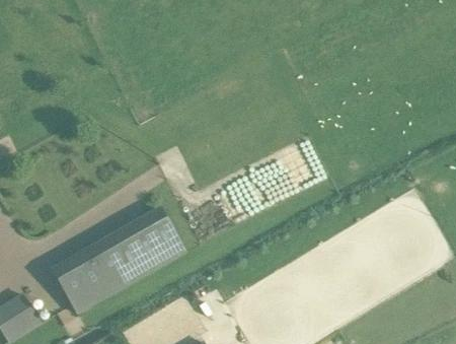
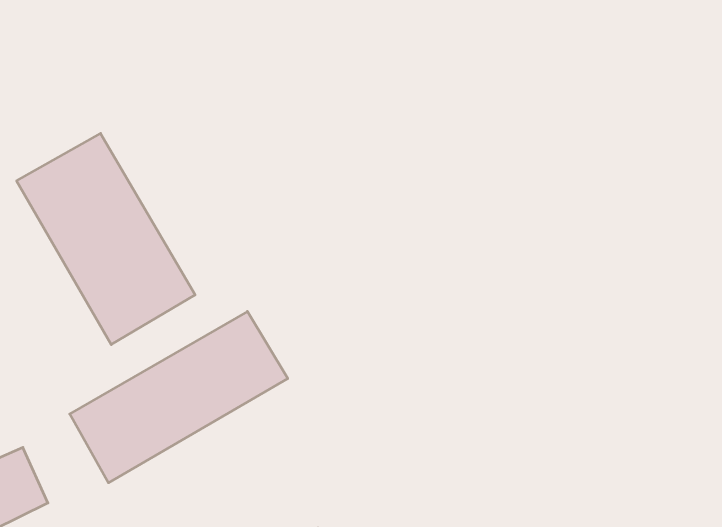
building: none -> [17,133,195,345]

